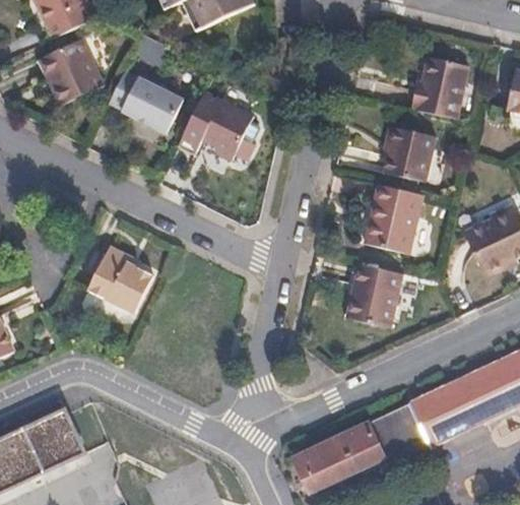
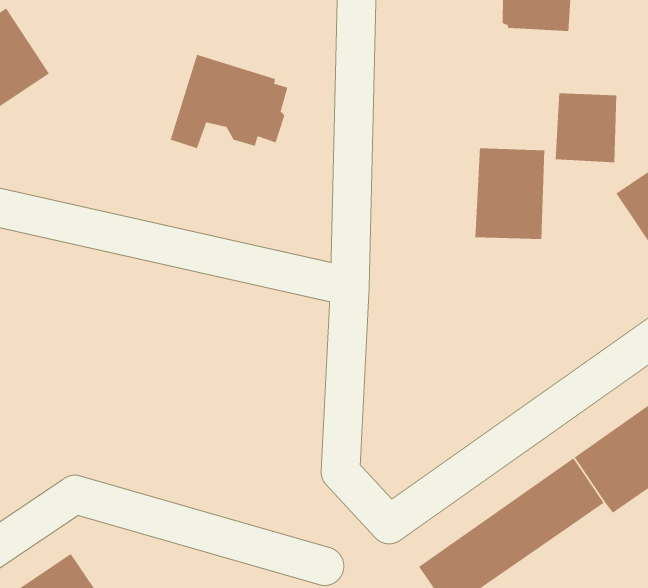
building: [109,71,182,132] -> none
building: [387,128,436,181] -> [555,93,617,163]
building: [87,249,152,315] -> none
building: [347,263,404,330] -> none

